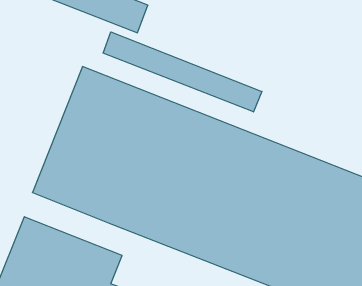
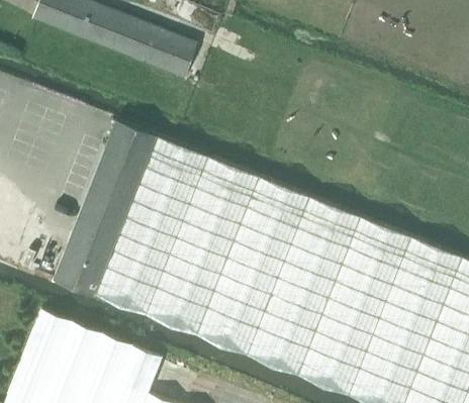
building: [103,32,262,112] -> none

